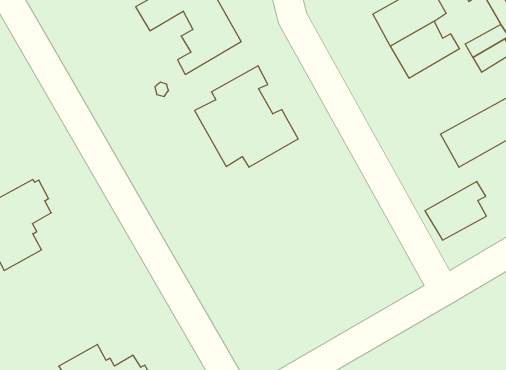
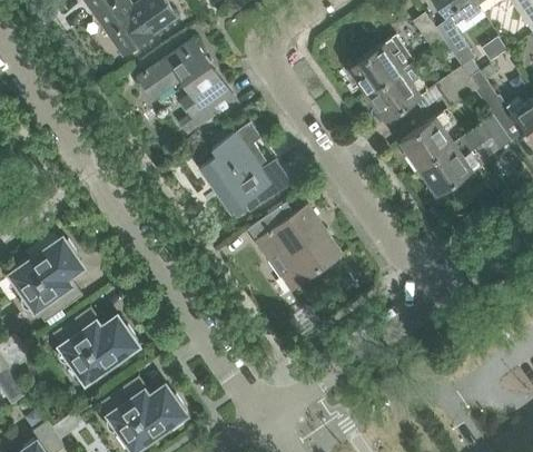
building: none -> [249,205,343,291]
building: [425,181,486,240] -> [399,114,454,168]
building: none -> [52,312,138,383]

